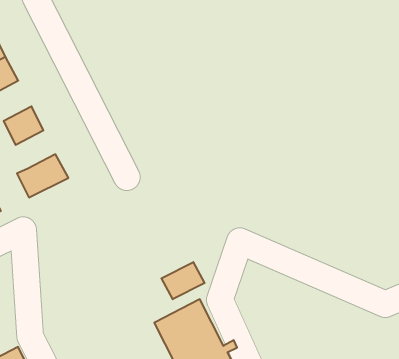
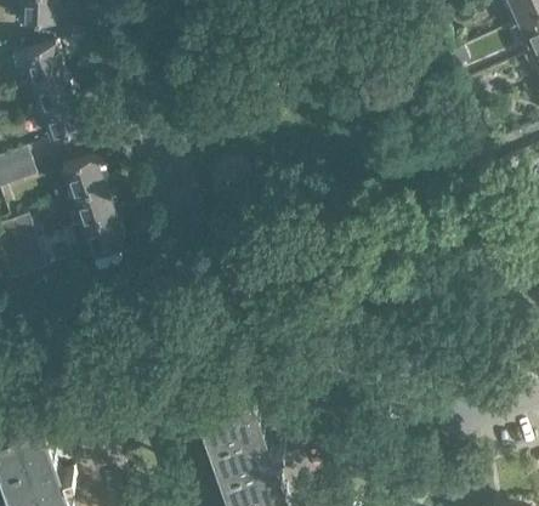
building: none -> [67,186,109,226]
building: [161,262,205,299] -> none

